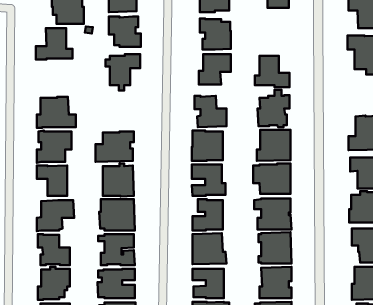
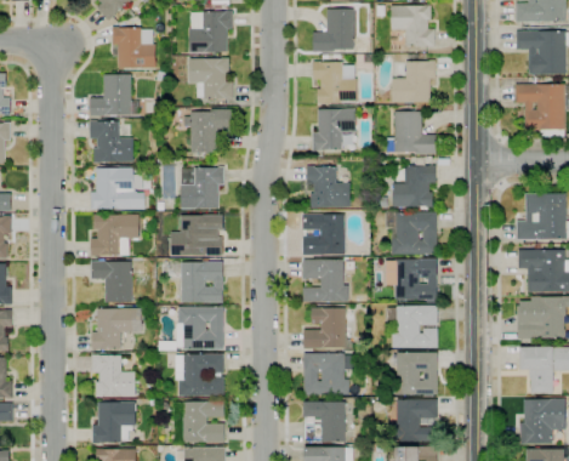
building: none -> [392,61,436,102]
building: none -> [90,120,133,163]
building: none -> [181,167,224,209]

